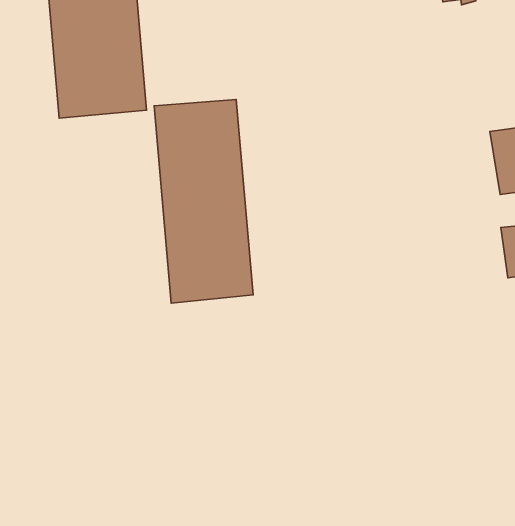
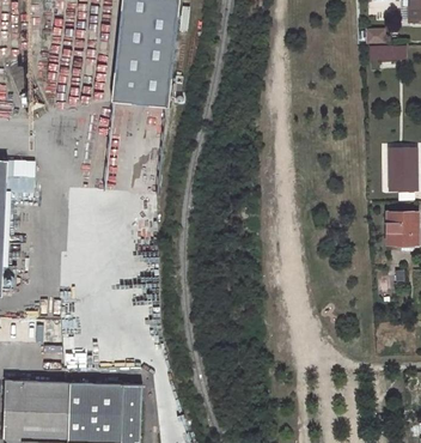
building: [154,100,253,303] -> none

